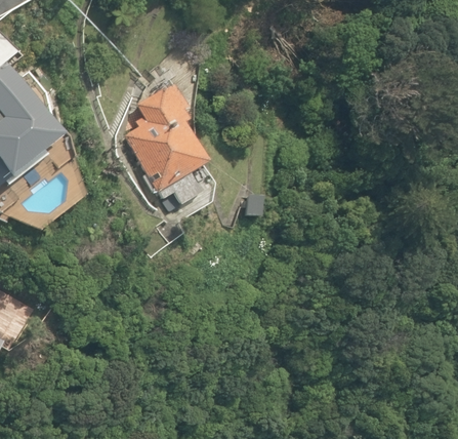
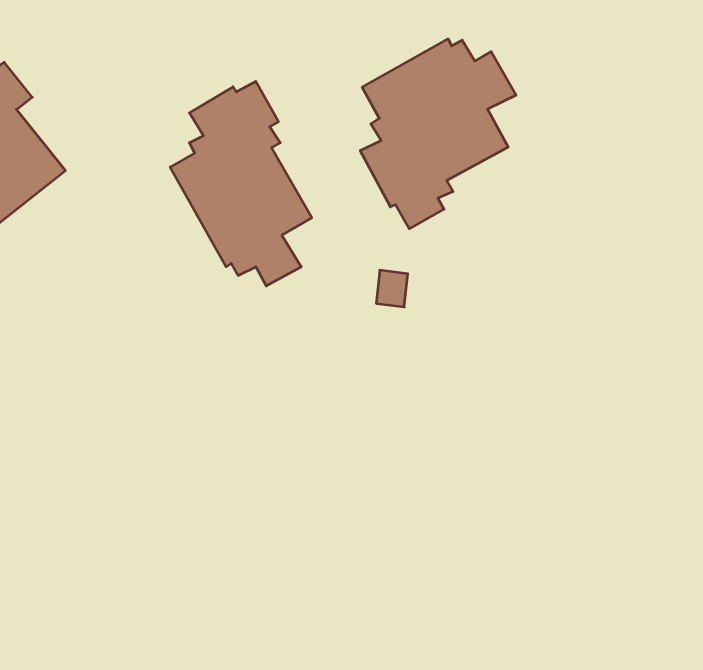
building: none -> [360,39,516,229]

